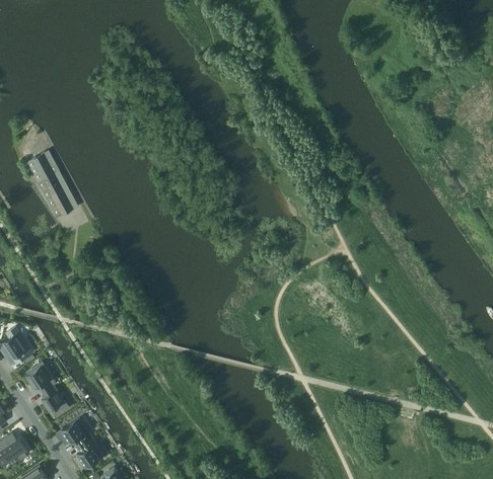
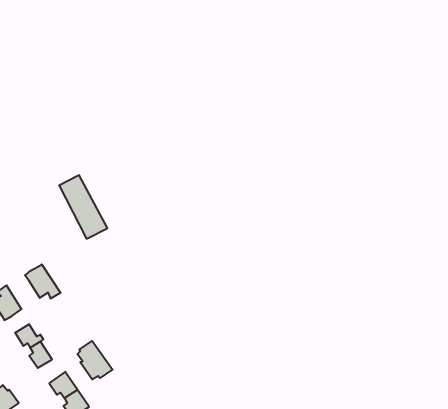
building: [27,150,79,218] -> [59,175,107,239]
building: none -> [25,264,61,299]
building: none -> [77,341,113,379]

